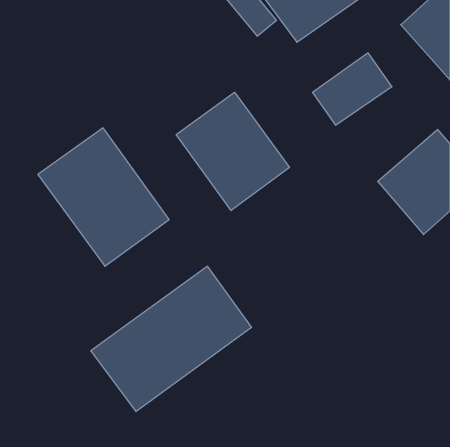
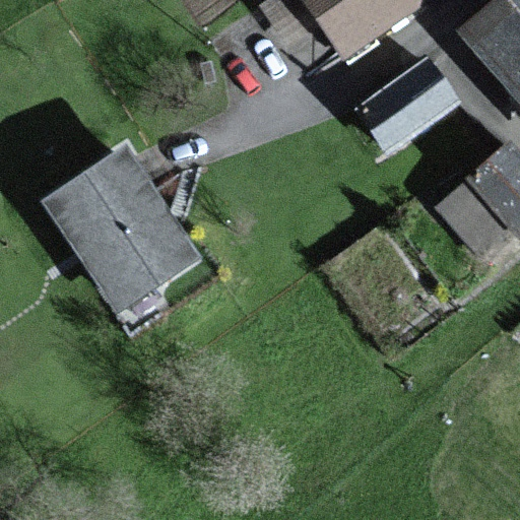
building: [176,92,289,211] -> none
building: [91,266,251,412] -> none

